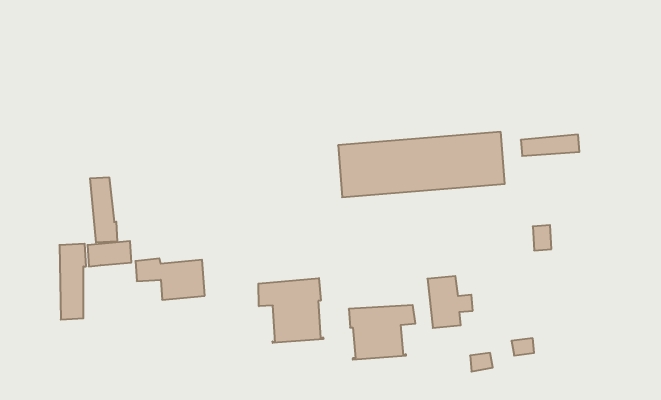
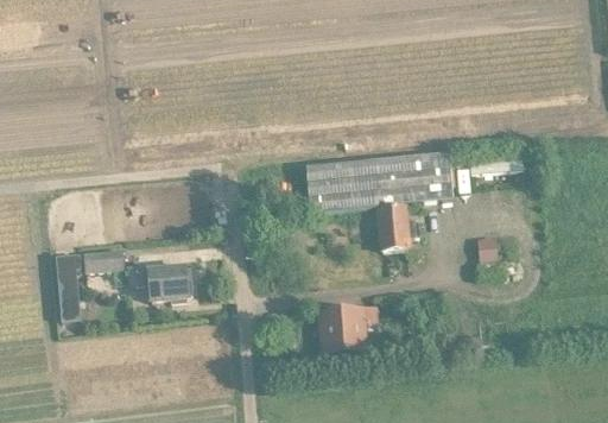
building: [90,177,117,243] -> none
building: [427,276,473,328] -> [378,204,418,251]
building: [258,278,323,343] -> none

